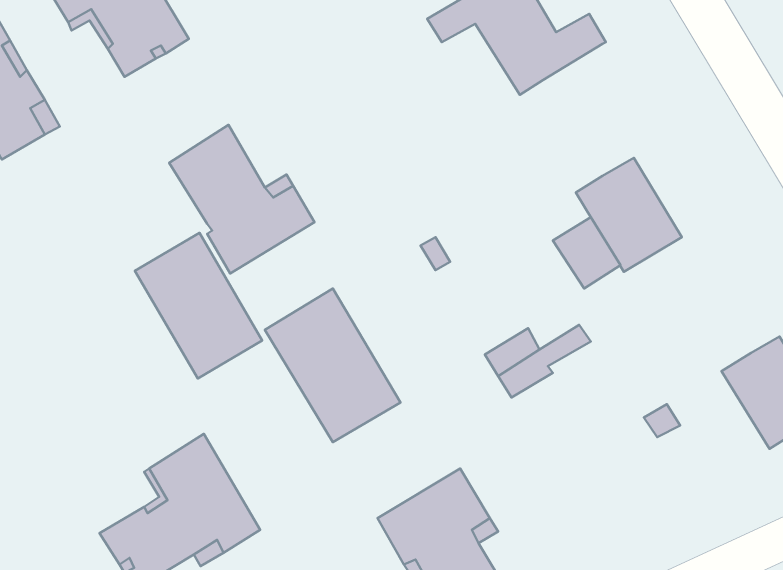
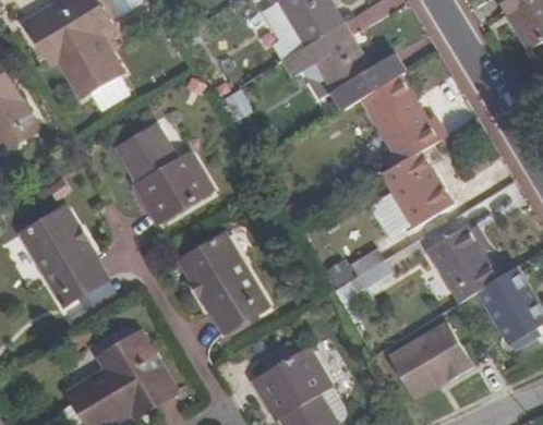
building: none -> [361,74,447,161]
building: [135,233,262,378] -> [22,208,106,304]
building: none -> [429,224,498,301]
building: none -> [396,323,456,391]

